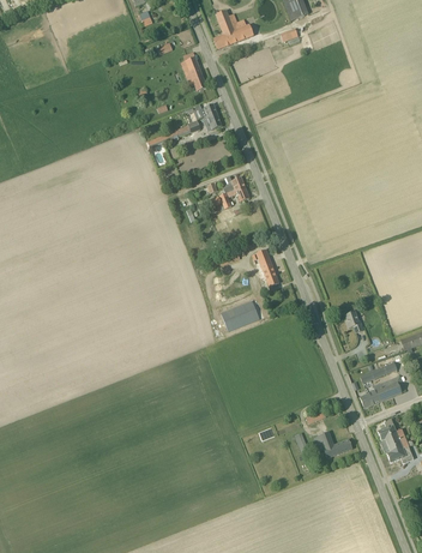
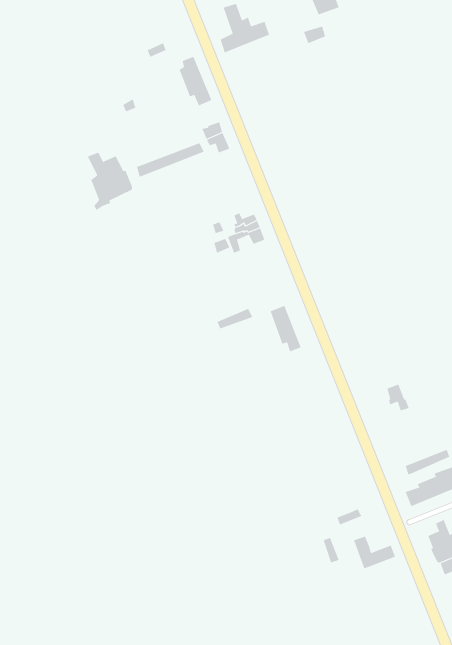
building: none -> [87,152,133,211]
building: [222,299,264,331] -> none

